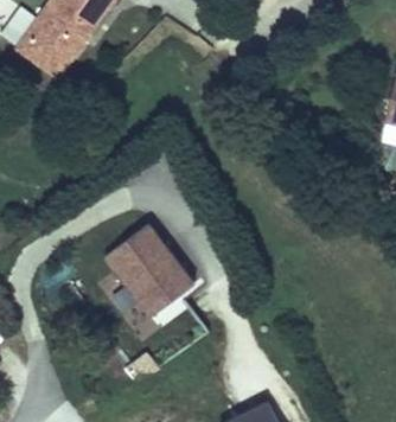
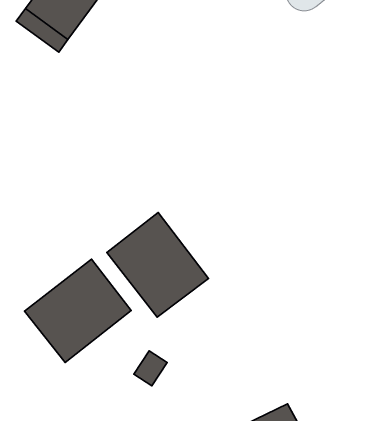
building: none -> [25,259,131,363]

